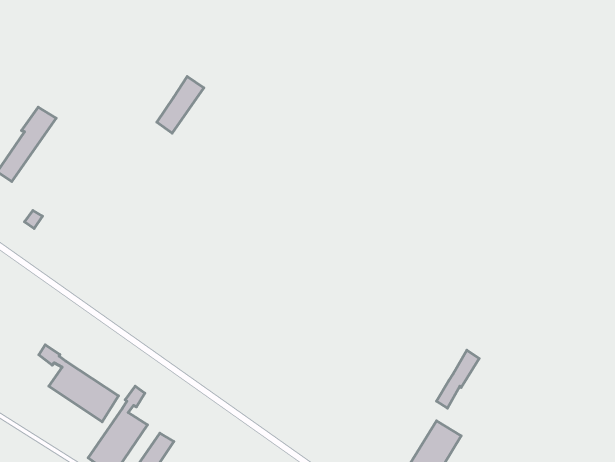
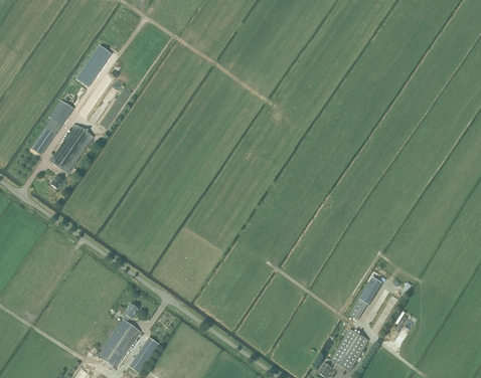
building: [157,77,204,133] -> [76,45,111,86]
building: none -> [50,124,94,173]
building: [39,345,118,422] -> none

